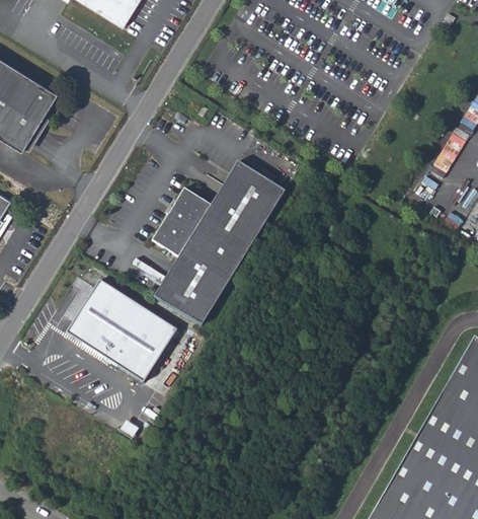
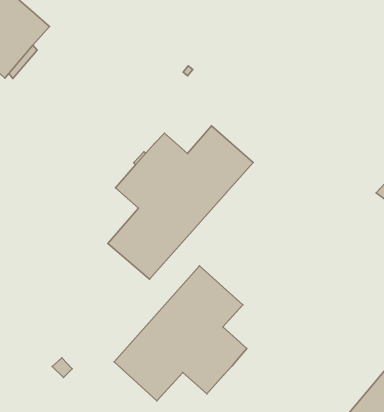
building: [67,280,169,376] -> none
building: none -> [114,266,247,401]

